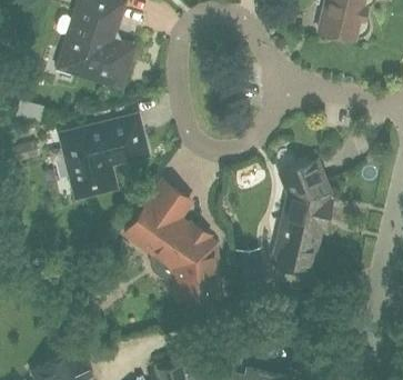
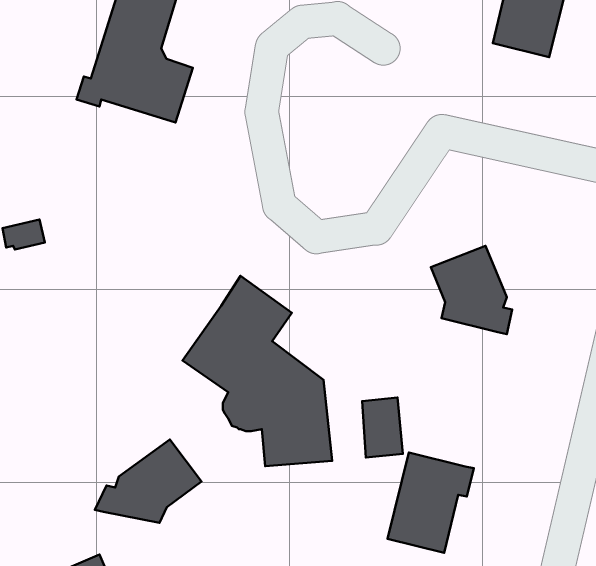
building: [63,116,145,193] -> none
building: [274,204,329,268] -> [388,452,474,553]
building: none -> [95,440,201,523]

